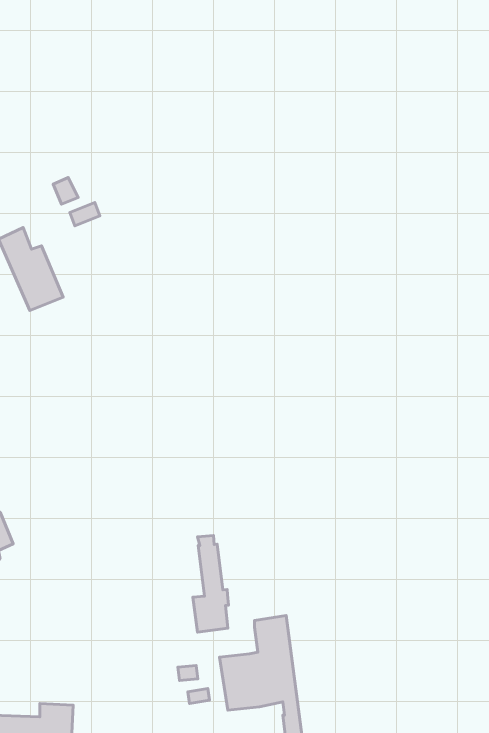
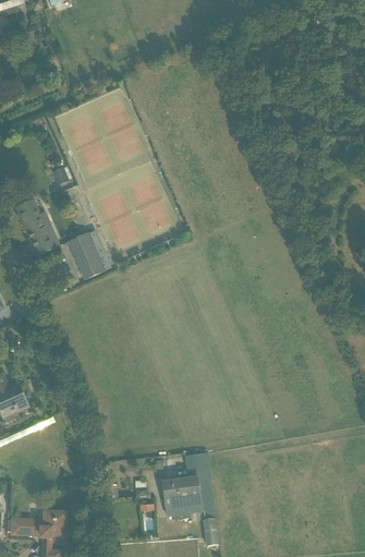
building: none -> [65,231,102,279]
building: [193,536,229,632] -> none

